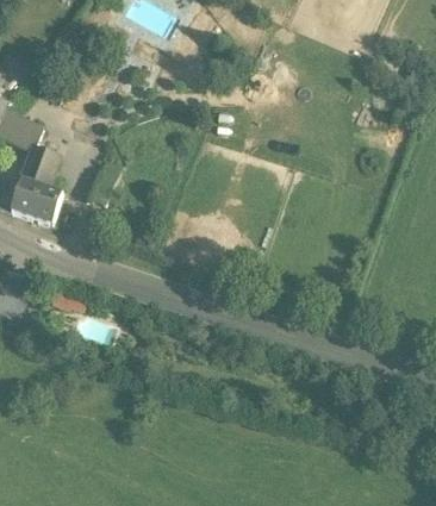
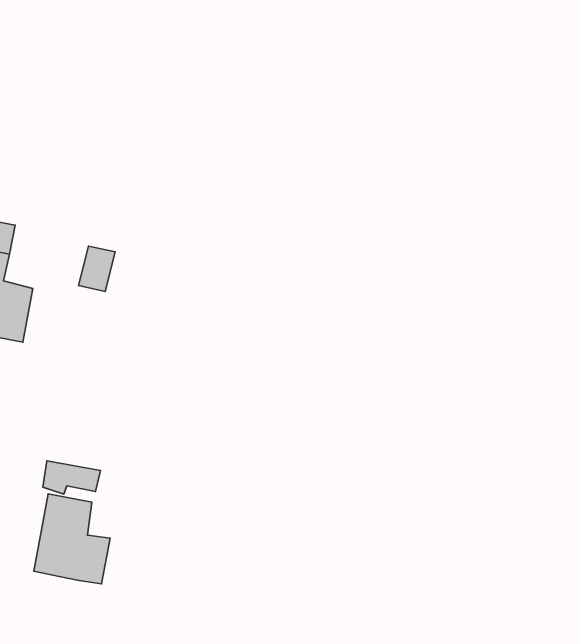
building: none -> [34,494,110,584]

